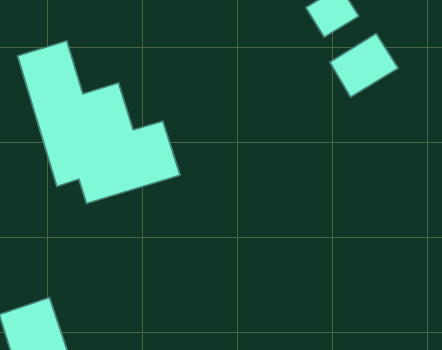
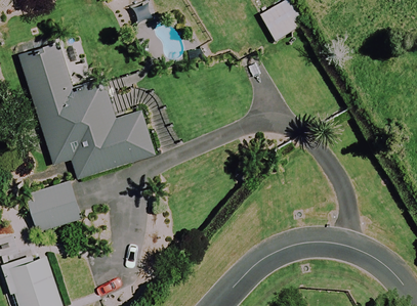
building: [330,33,398,97] -> none
building: none -> [26,182,82,231]

